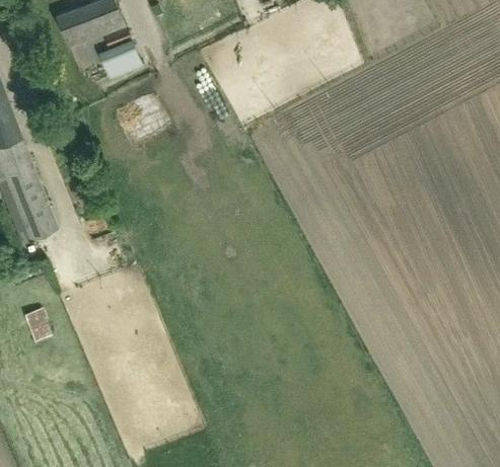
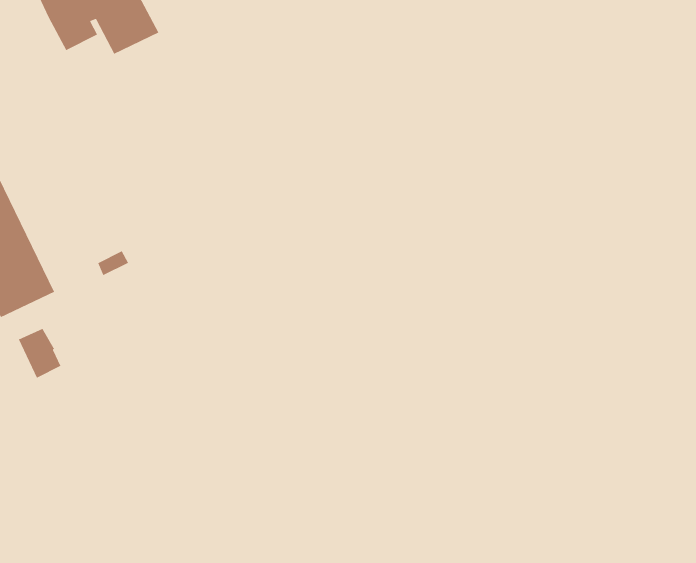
building: [24,308,52,341] -> [18,328,61,379]

